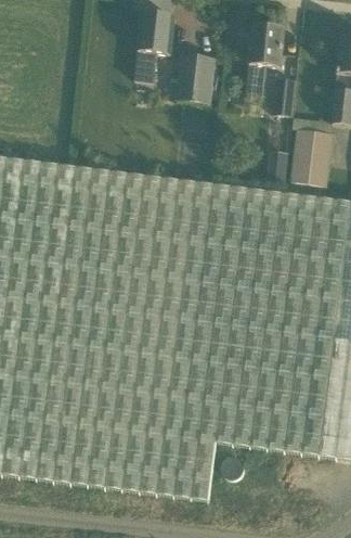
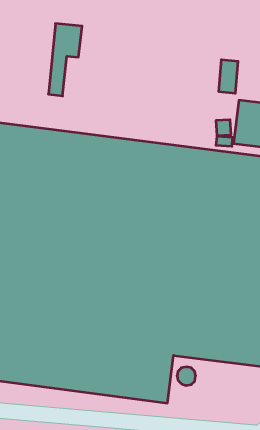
building: [133,12,174,101] -> [48,24,82,96]
building: [246,25,285,94] -> none
building: [177,54,216,102] -> none

